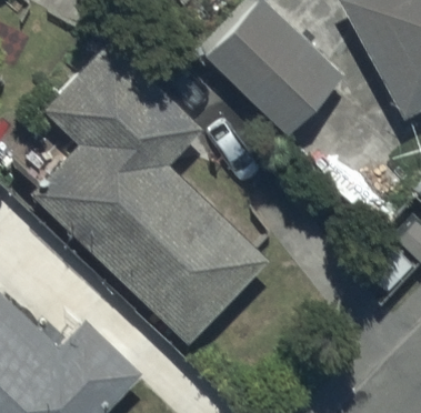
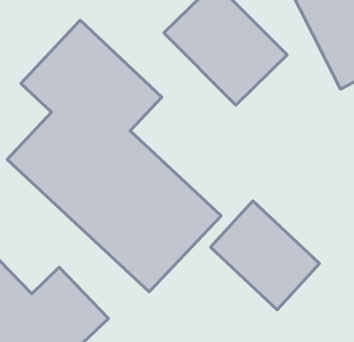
building: none -> [210,201,320,310]

